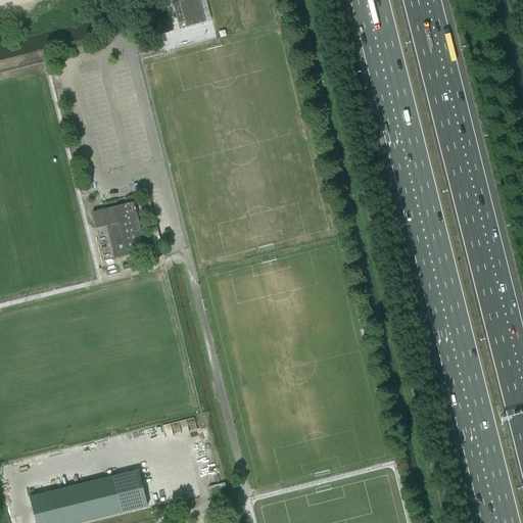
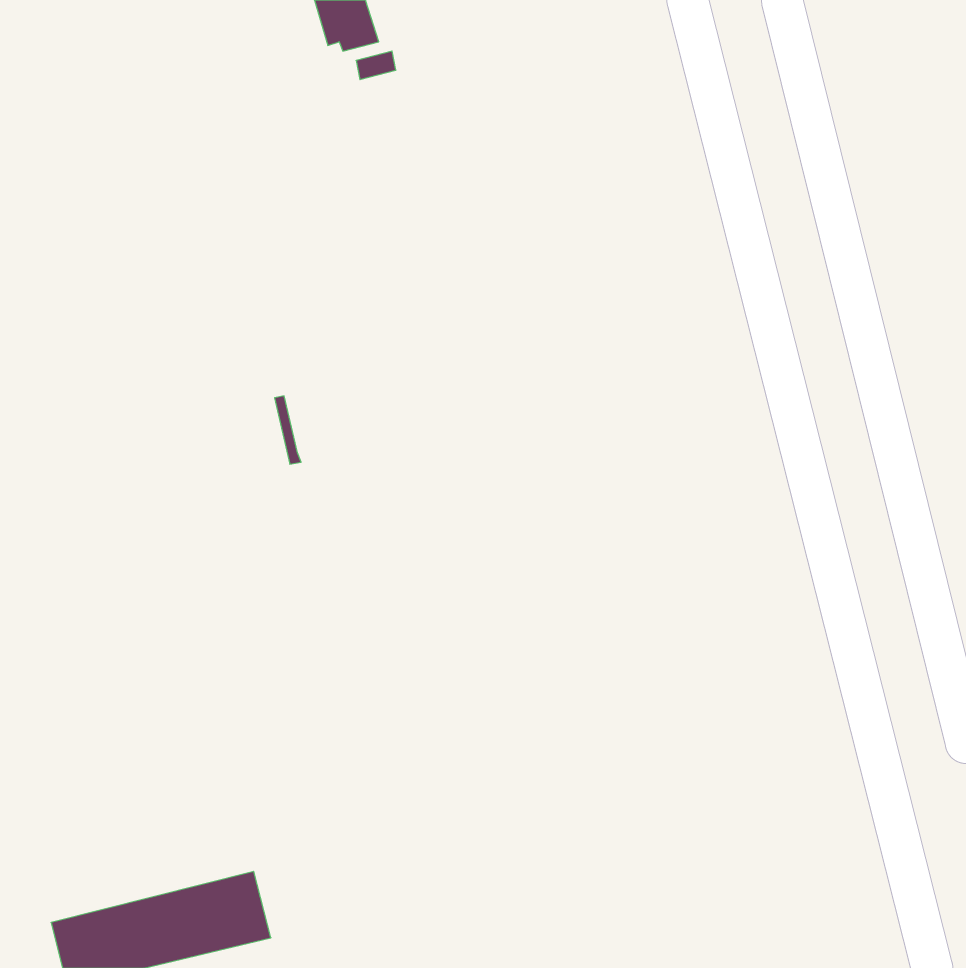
building: [91,201,143,257] -> none

